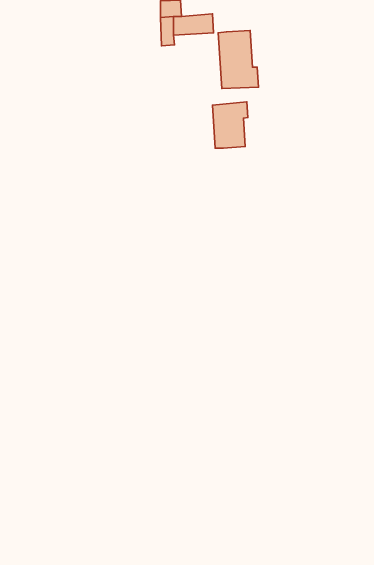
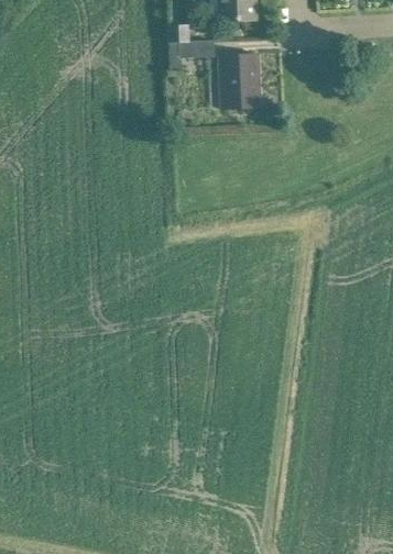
building: [212,102,248,148] -> none

